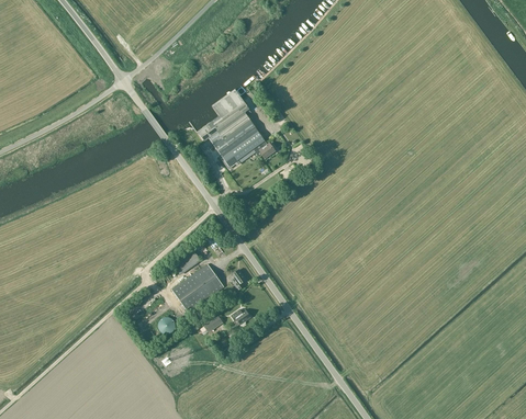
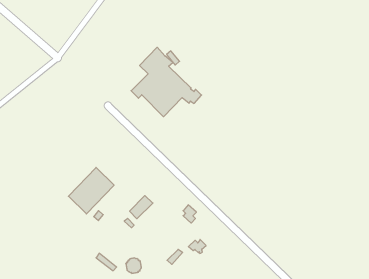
building: [171,263,224,313] -> [68,167,114,214]

